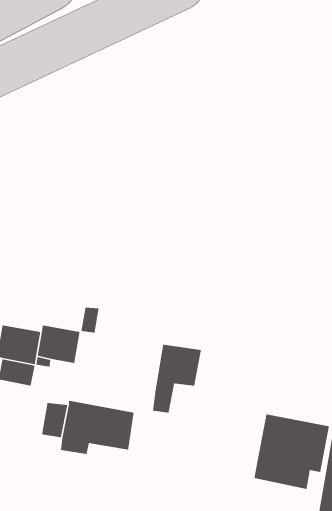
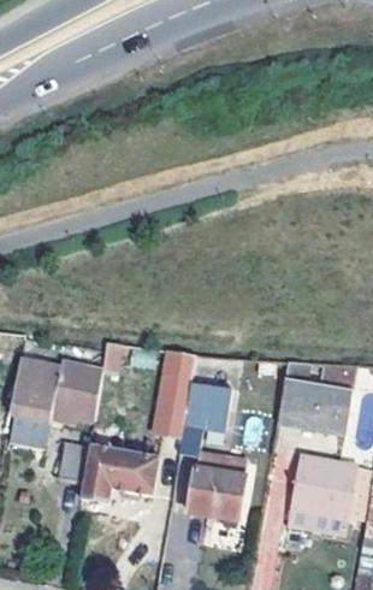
building: none -> [155,346,194,432]
building: none -> [278,376,351,427]
building: none -> [189,459,249,520]

